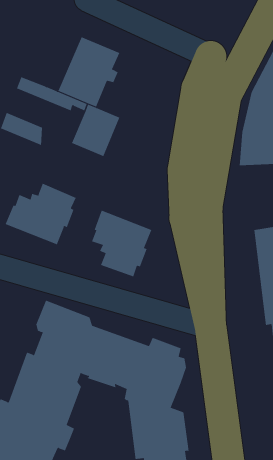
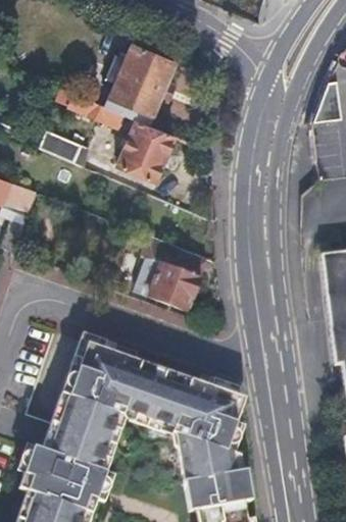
building: [5,183,76,245] -> none

